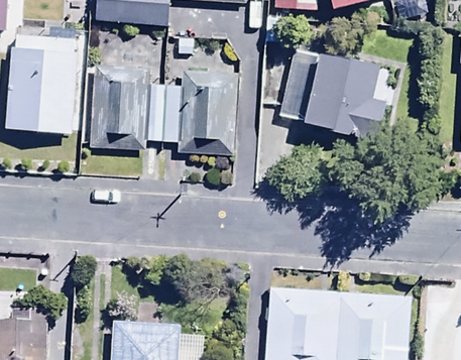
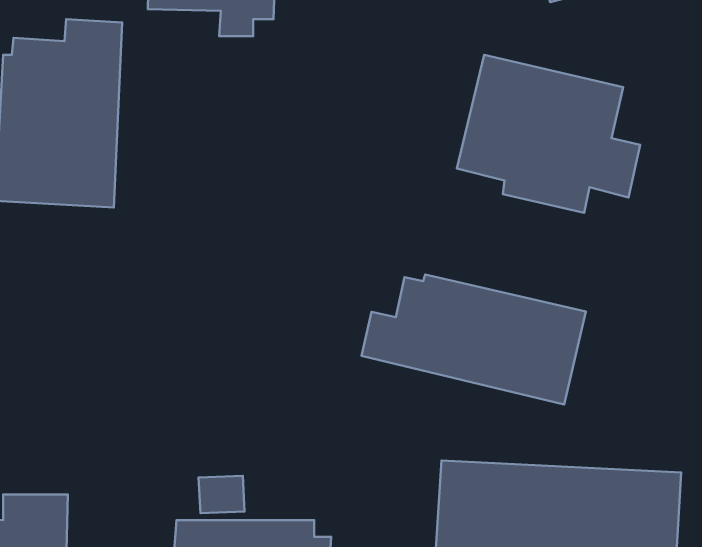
building: [92,66,234,153] -> none
building: none -> [361,275,586,404]

